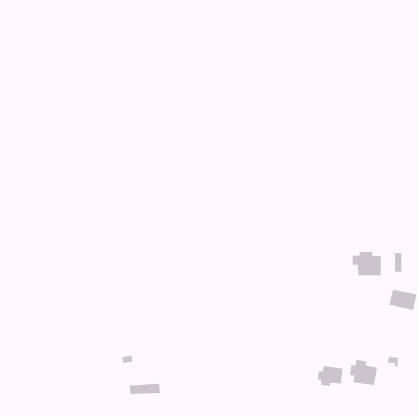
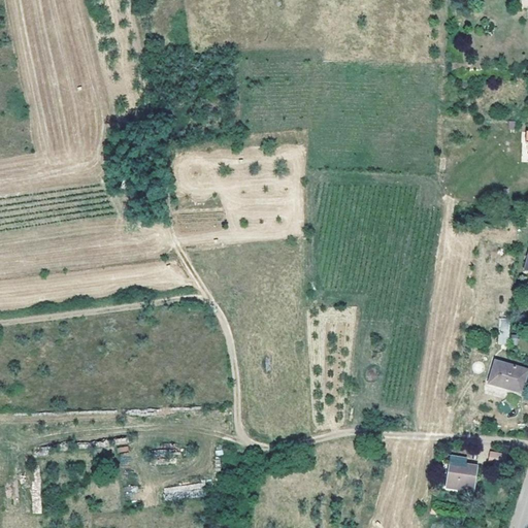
building: [352,251,381,276] -> none
building: [317,365,343,387] -> none

